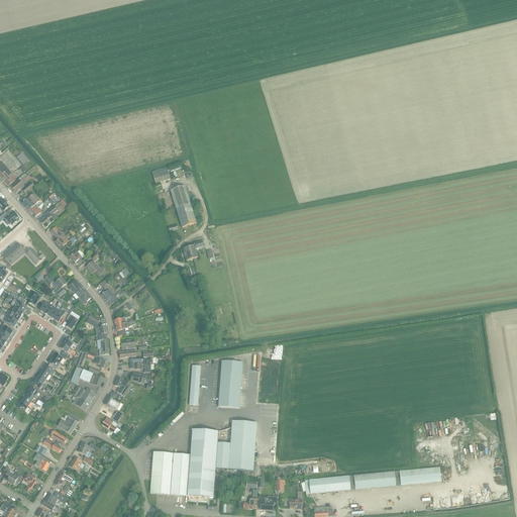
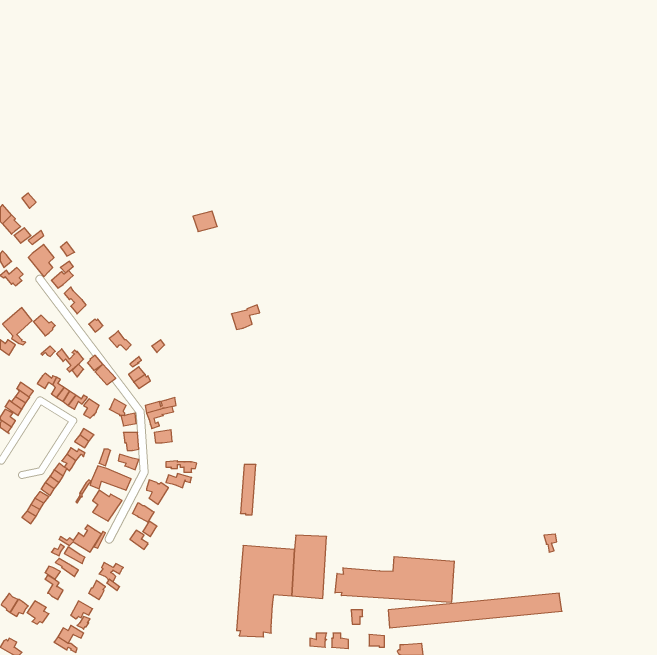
building: [171,185,196,226] -> none
building: [218,359,241,407] -> none
building: none -> [335,557,454,602]
building: [150,450,189,495] -> none

